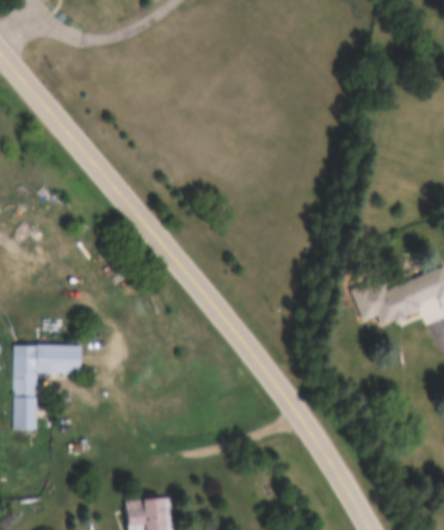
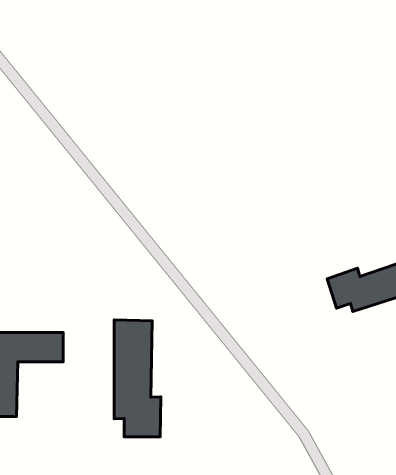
building: none -> [114,320,161,437]

